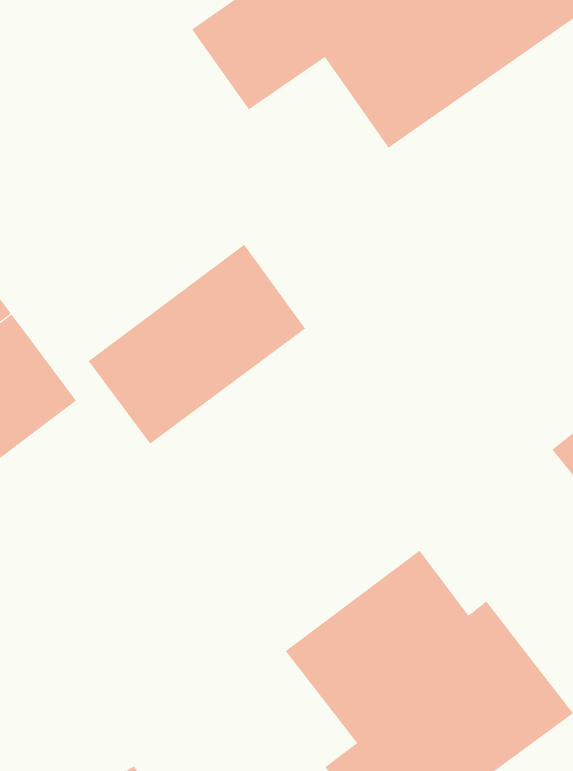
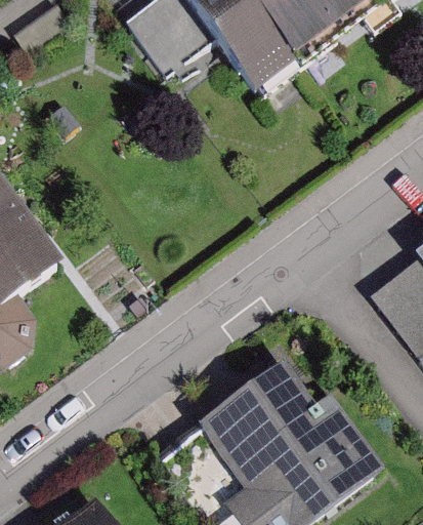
building: [88,244,306,444] -> none

